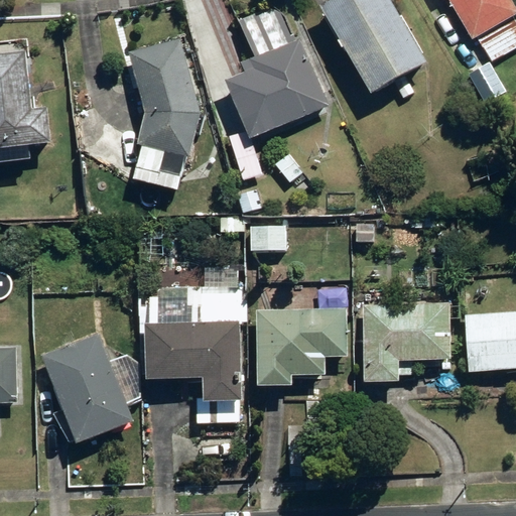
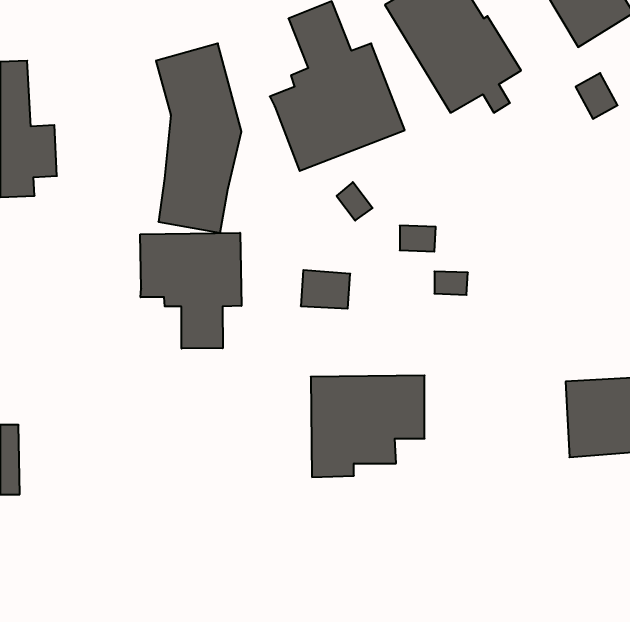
building: none -> [140,233,241,349]
building: [361,301,449,384] -> none
building: [141,320,241,406] -> none
building: [39,330,135,445] -> none

